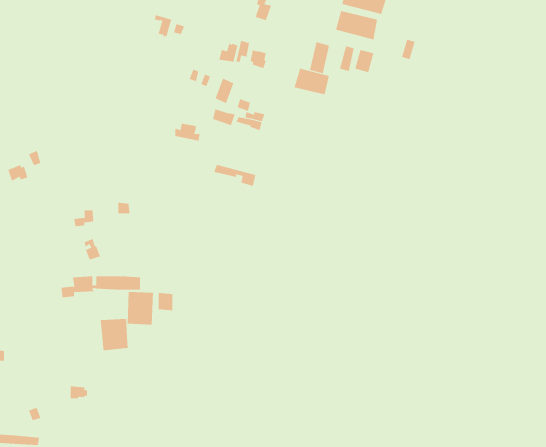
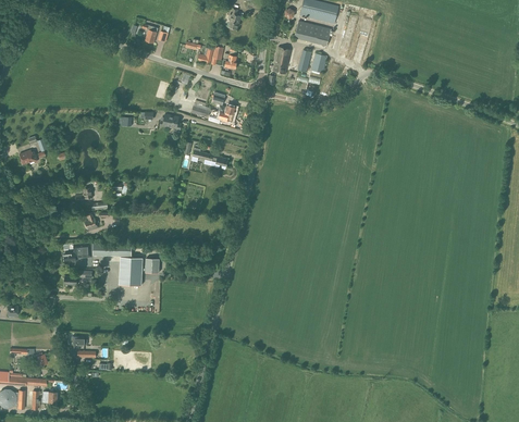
building: [294,68,329,95] -> none
building: [100,318,128,351] -> none

